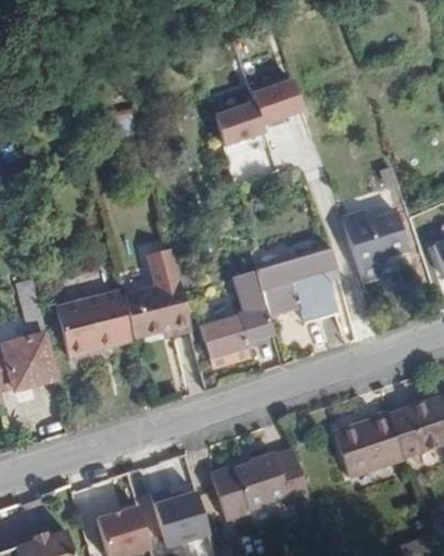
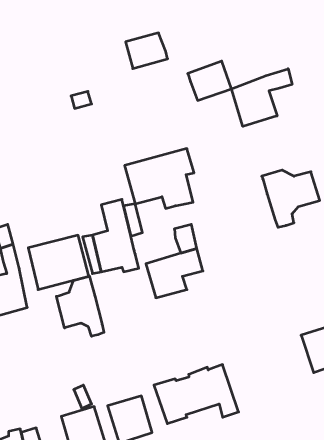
building: none -> [231,69,292,126]
building: [214,104,265,148] -> [126,33,168,69]
building: [255,249,340,321] -> [125,149,194,208]
building: none -> [56,276,104,336]
building: [334,410,404,478] -> none

